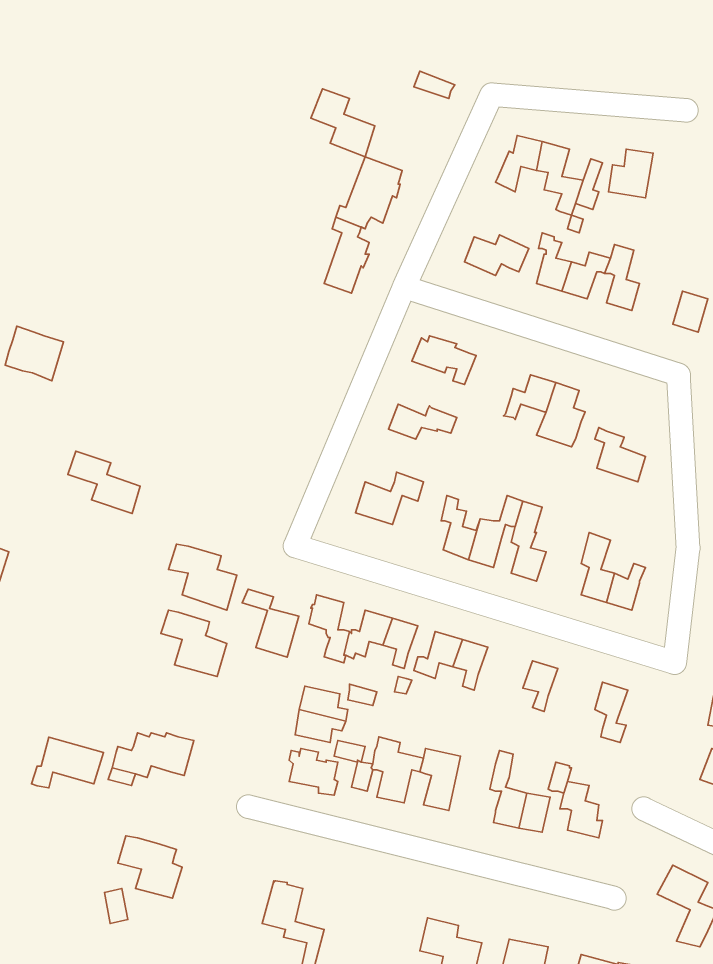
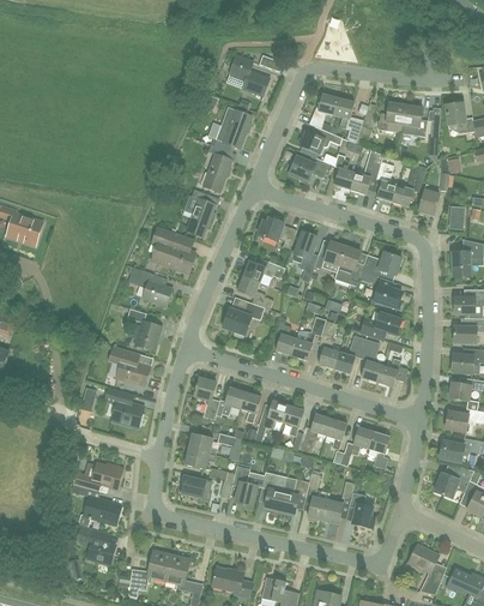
building: [311,89,375,157] -> [229,54,268,96]
building: none -> [400,104,426,136]
building: none -> [297,130,341,154]
building: none -> [392,163,425,206]
building: none -> [186,188,214,235]
building: none -> [150,227,194,272]
building: none -> [294,230,316,282]
building: none -> [361,251,400,276]
building: none -> [236,275,272,308]
building: [68,451,140,513] -> [127,266,171,305]
building: none -> [359,311,401,338]
building: none -> [333,335,365,373]
building: [242,589,299,657] -> [126,308,161,350]
building: none -> [298,413,331,451]
building: none -> [339,426,374,466]
building: [31,737,103,788] -> [77,496,121,527]
building: none -> [279,476,308,514]
building: none -> [127,550,171,596]
building: none -> [211,566,252,596]

